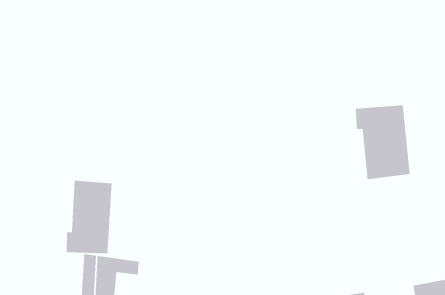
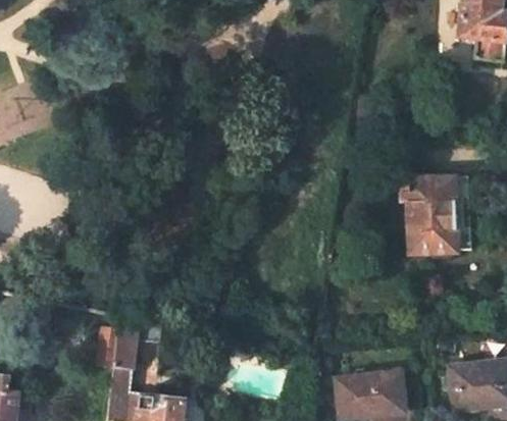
building: [66,180,112,254] -> none

